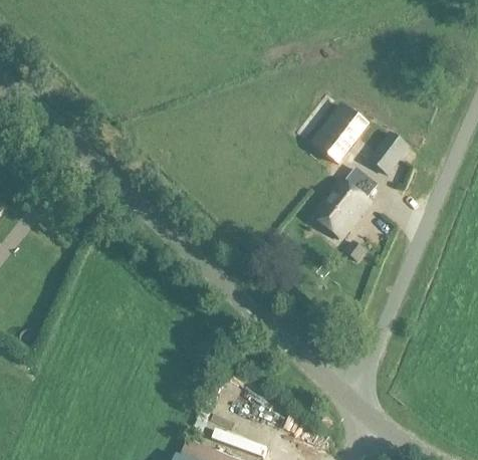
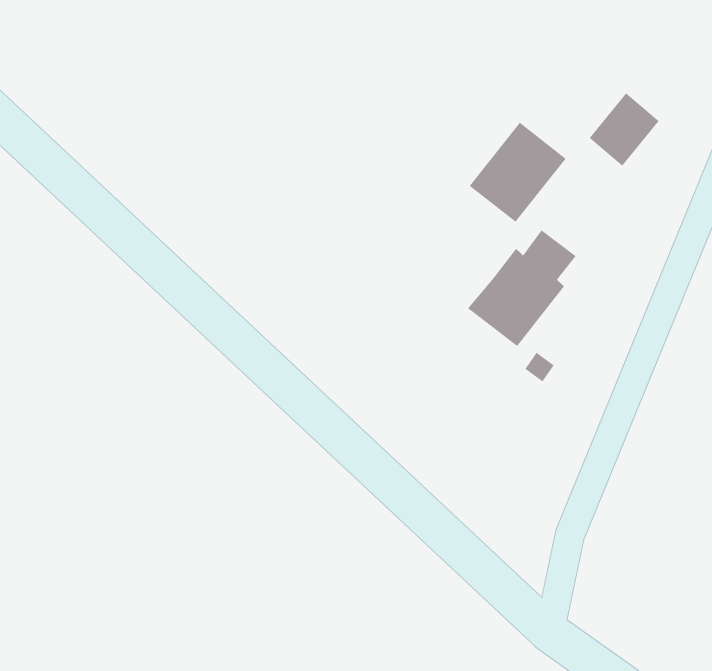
building: [368,132,410,176] -> [589,92,659,166]

